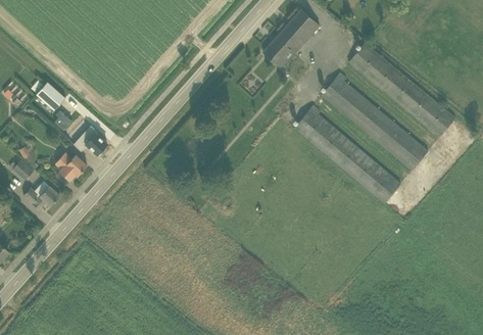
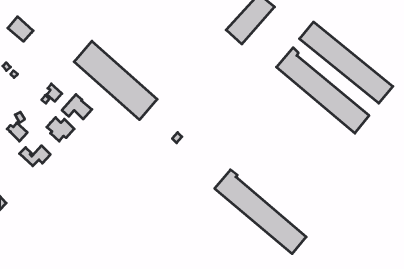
building: none -> [74,41,157,120]
building: [36,81,65,109] -> [8,17,33,41]
building: [294,105,400,202] -> [215,170,306,254]

